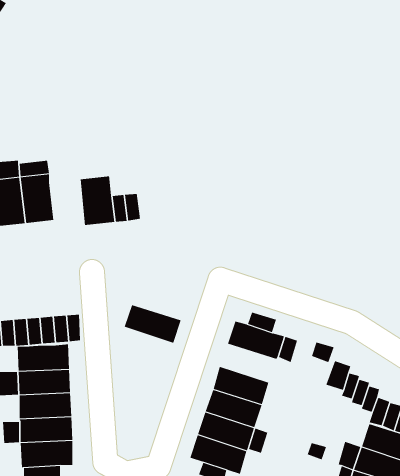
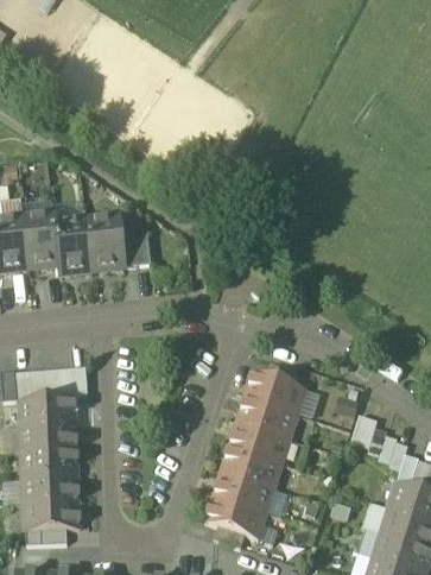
building: none -> [55,223,91,277]
building: [124,305,181,343] -> [236,400,298,442]

